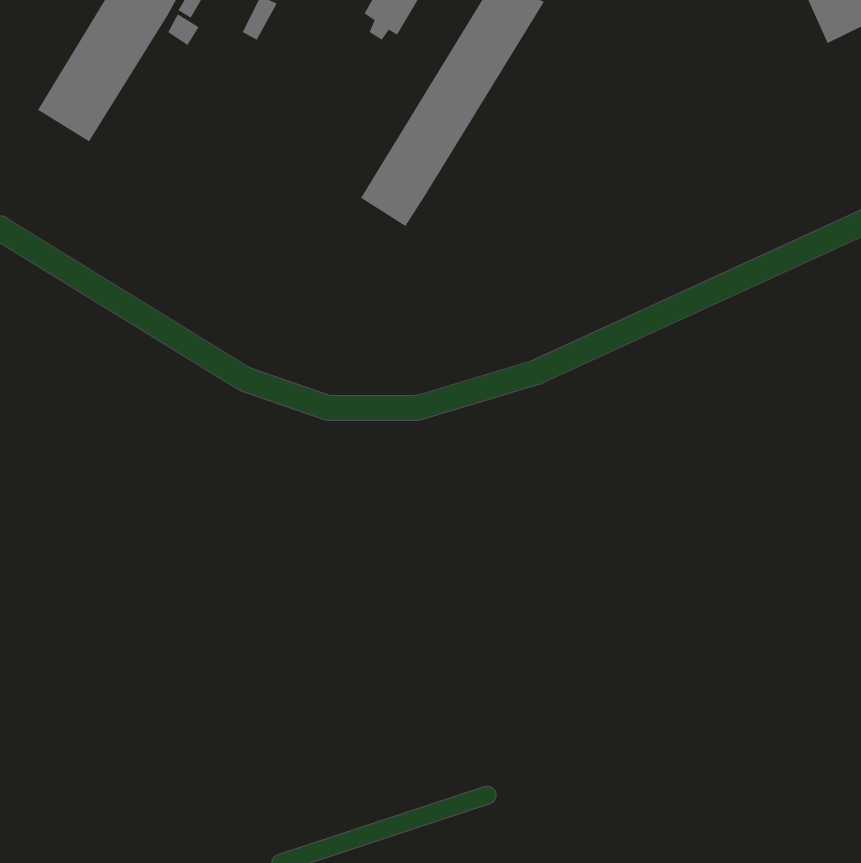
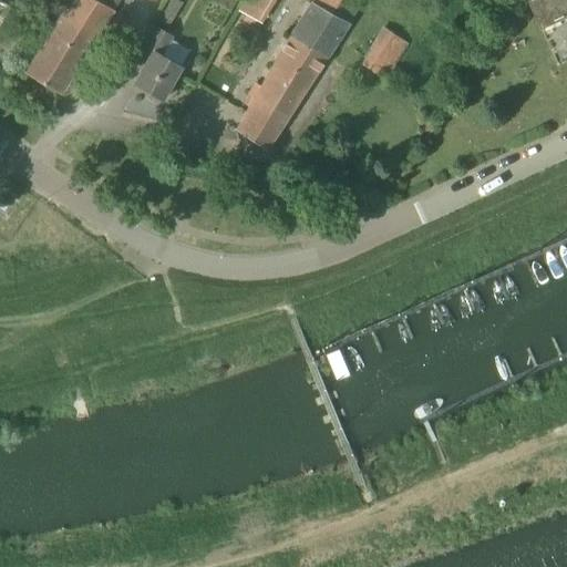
building: none -> [135,23,183,100]
building: none -> [367,28,410,72]

